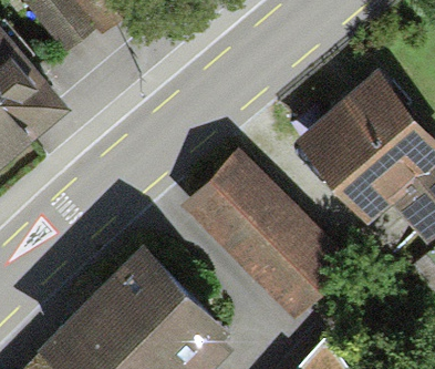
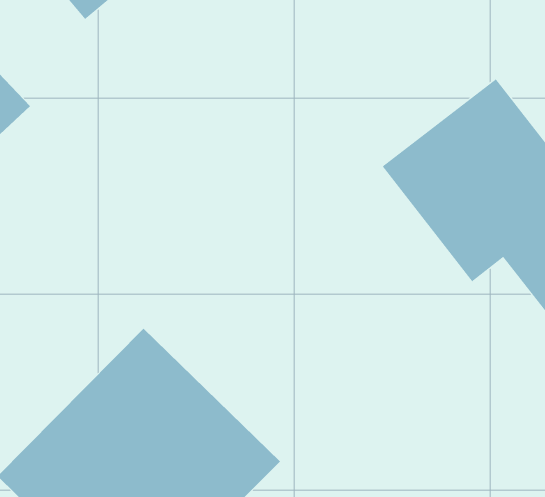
building: [184,158,338,311] -> none

